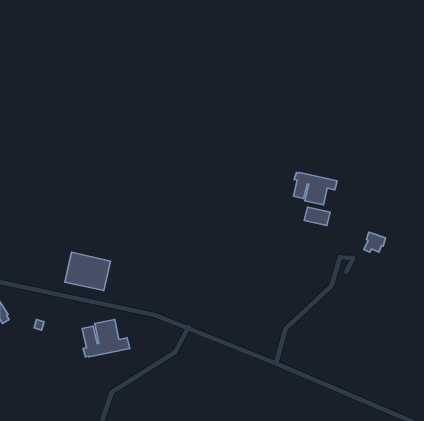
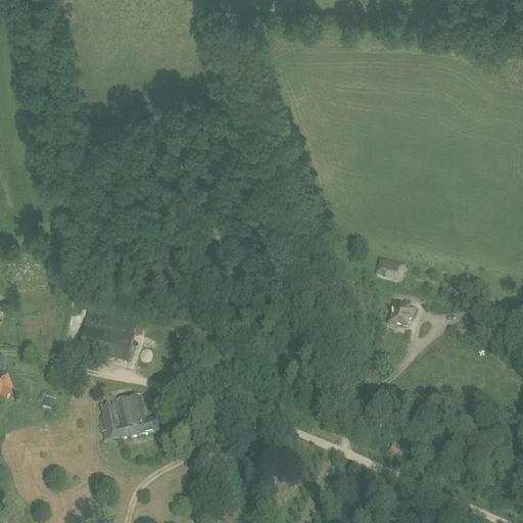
building: [294,173,337,205] -> none
building: [364,232,386,252] -> [388,299,415,324]

